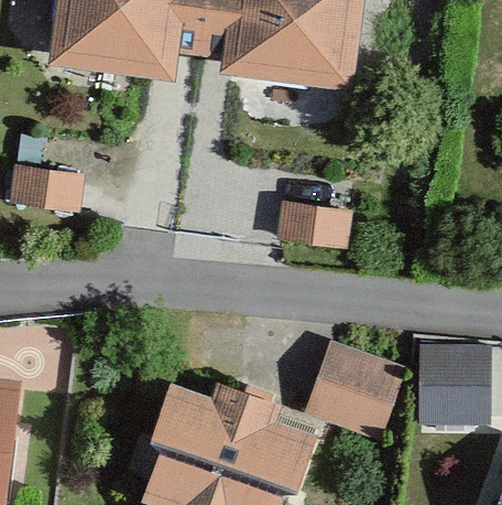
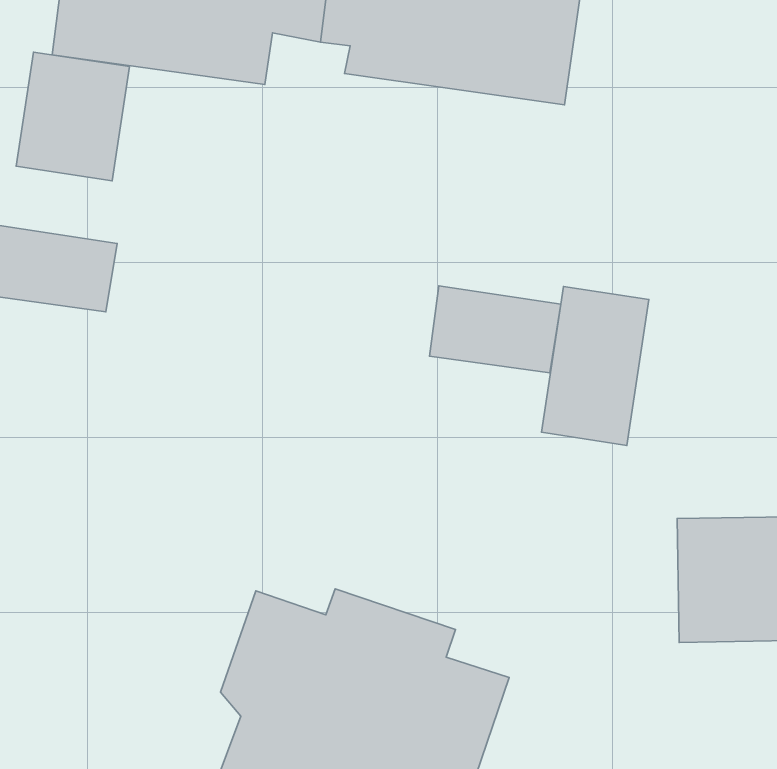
building: none -> [16,52,130,181]
building: none -> [541,286,649,445]
building: [303,341,407,443] -> none

